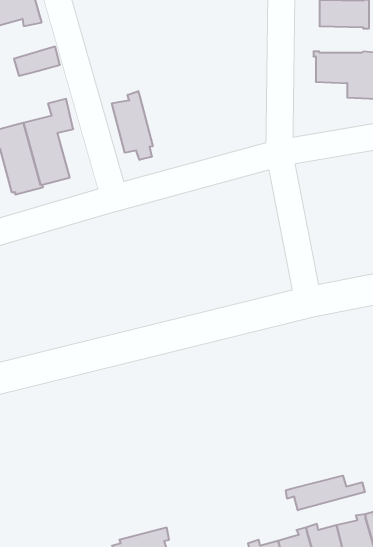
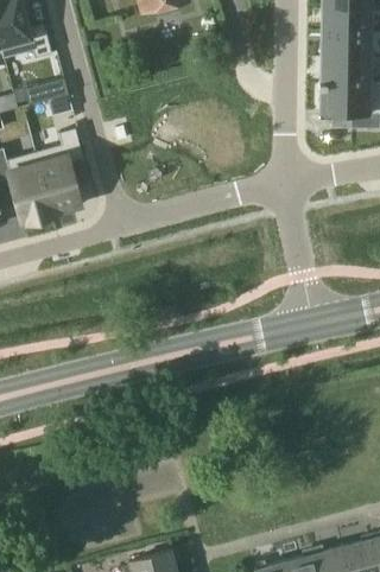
building: none -> [324,58,367,84]
building: [112,91,153,160] -> none
building: [286,476,365,510] -> none

